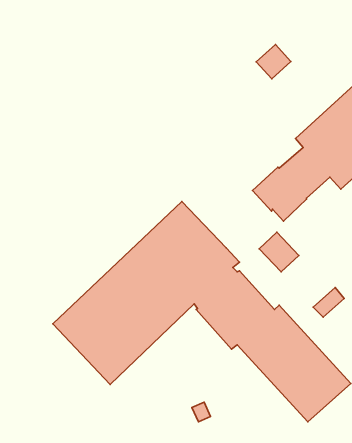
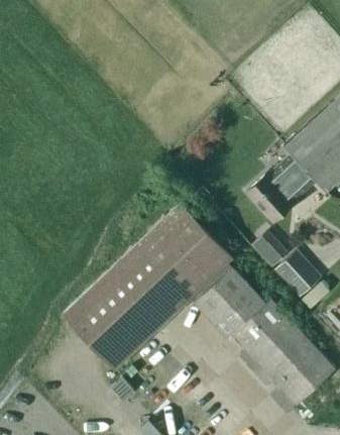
building: [256,45,291,79] -> none
building: none -> [275,253,319,297]

